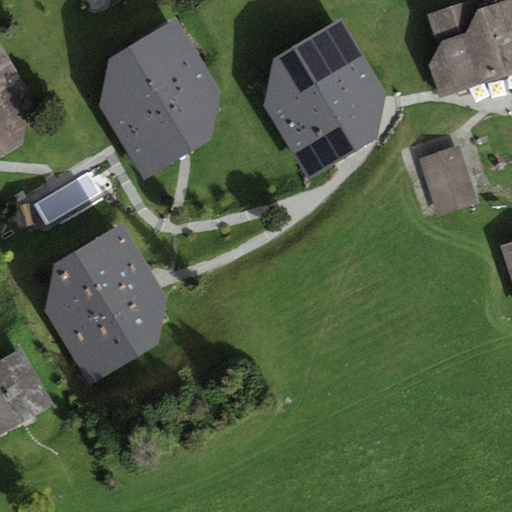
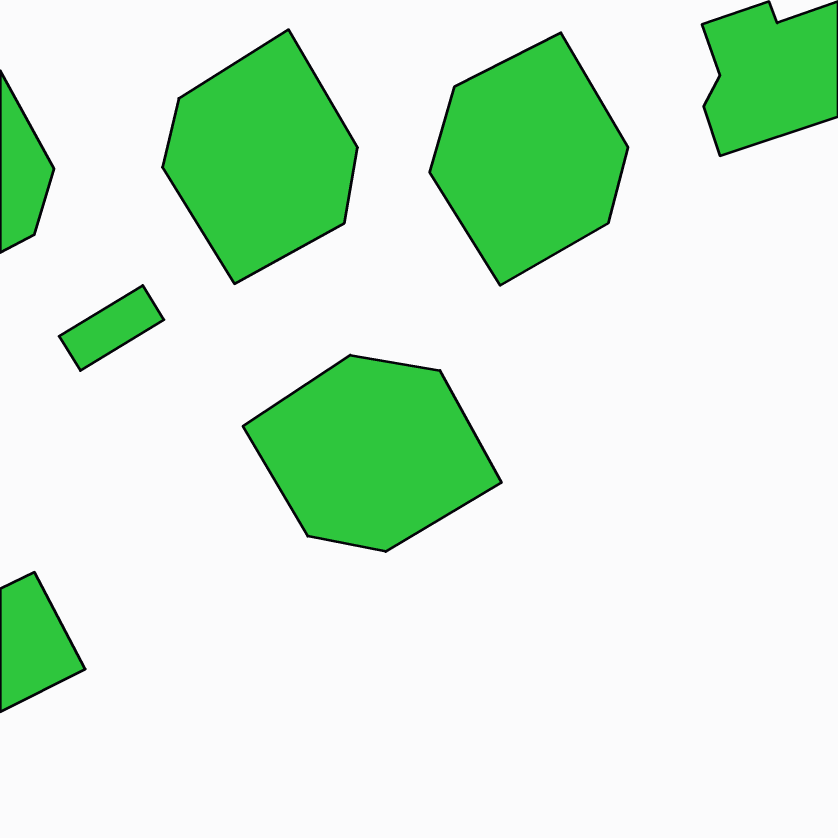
building: [421,147,477,215] -> none
building: none -> [243,355,501,552]
building: [44,224,166,387] -> none

